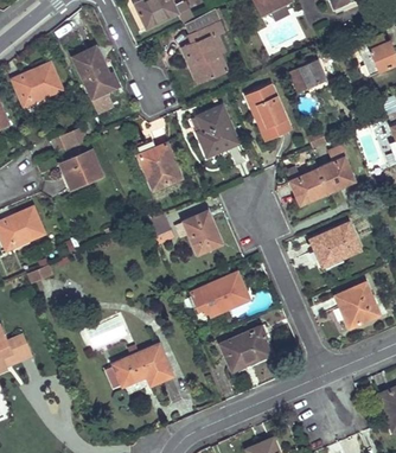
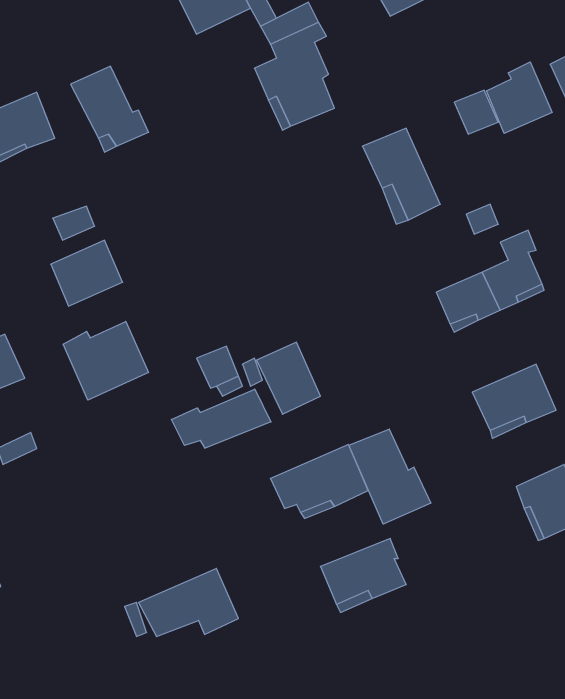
building: none -> [487,62,552,133]
building: [197,106,239,157] -> none
building: [139,143,181,190] -> none
building: none -> [63,321,148,400]
building: none -> [171,389,271,448]
building: none -> [349,429,431,524]

